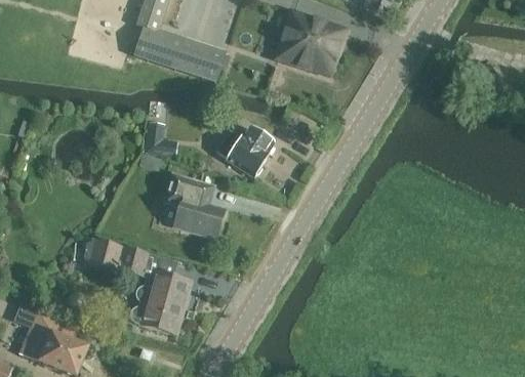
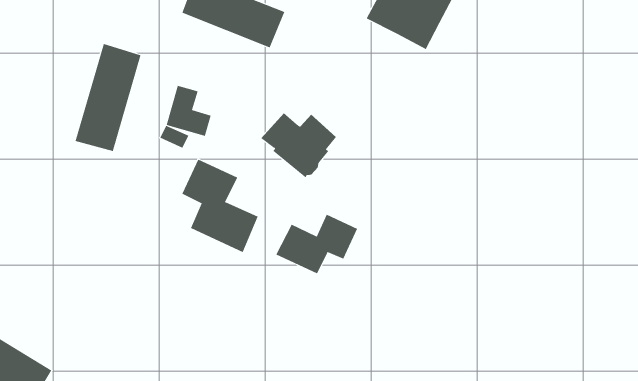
building: none -> [75,43,141,152]
building: none -> [276,214,358,274]
building: [86,239,190,333] -> none

